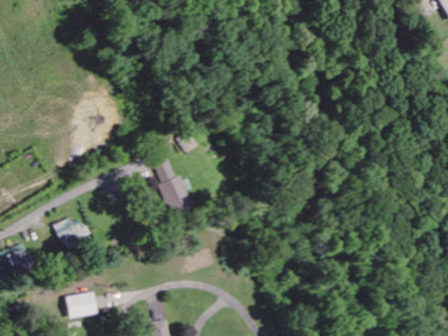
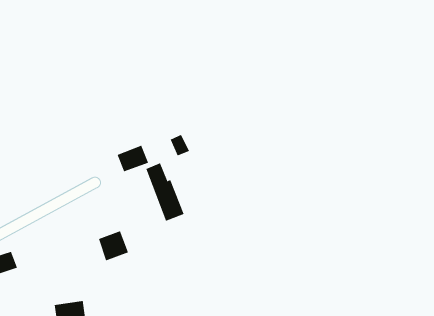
building: none -> [117,145,149,172]
building: [55,217,85,246] -> [98,230,129,261]

